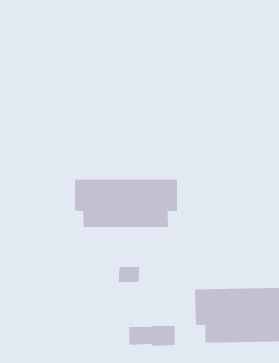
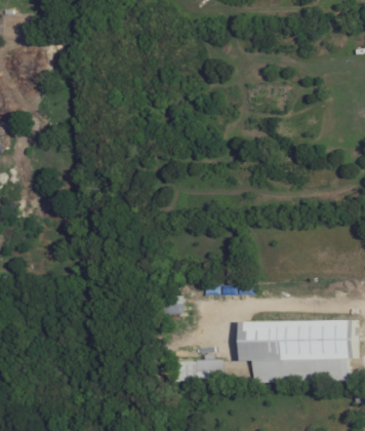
building: [74,179,178,228] -> none

